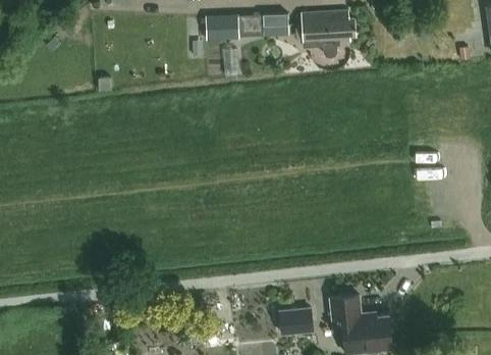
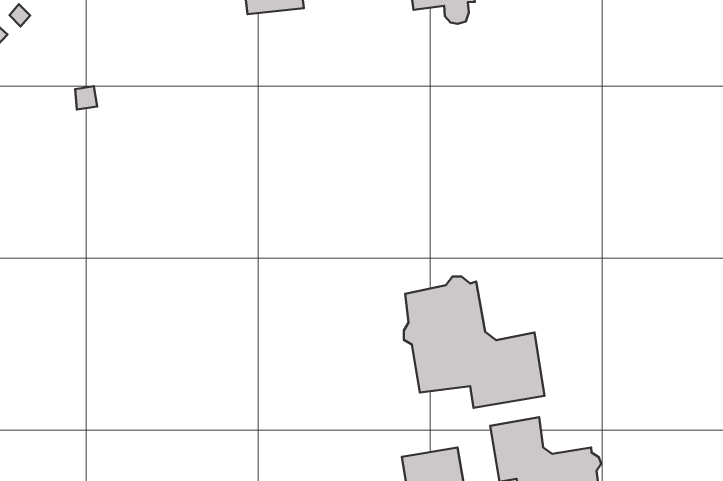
building: none -> [404,276,545,408]

